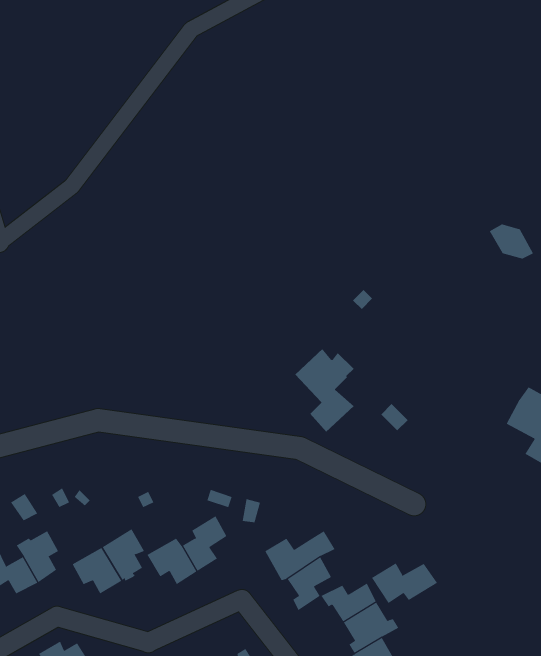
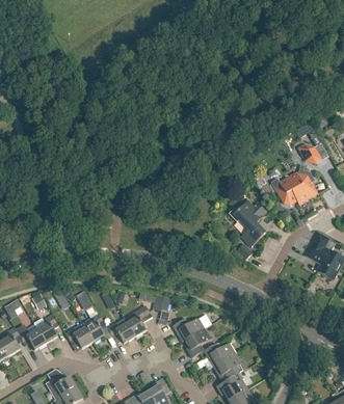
building: none -> [271,165,317,206]
building: [295,348,354,432] -> [233,200,266,247]
building: [371,563,438,604] -> none

